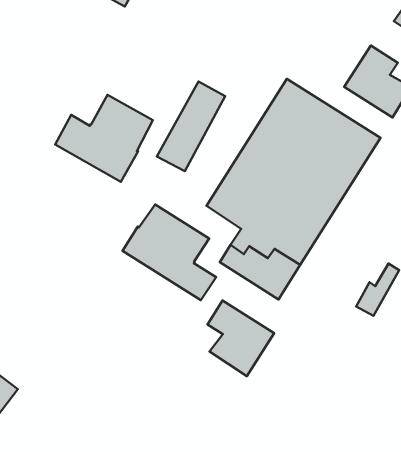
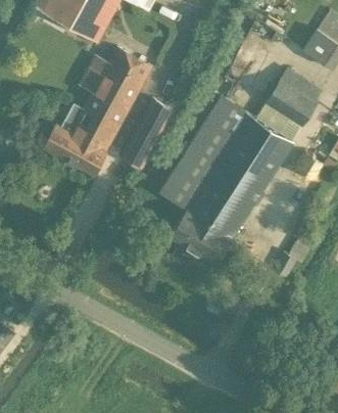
building: none -> [80,48,152,129]
building: [123,204,216,300] -> none
building: [207,301,274,376] -> none

